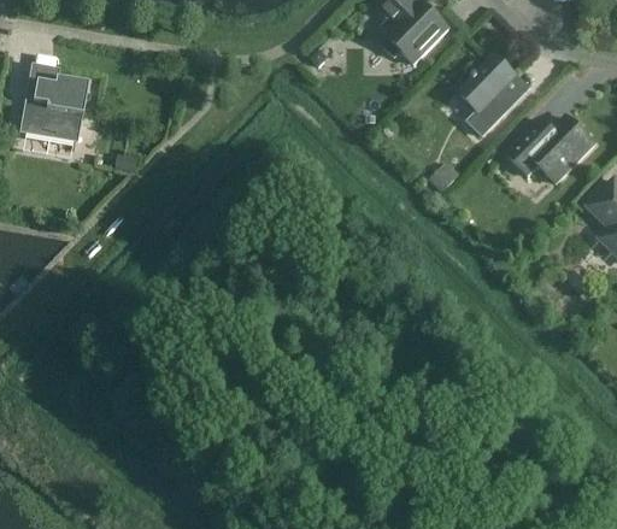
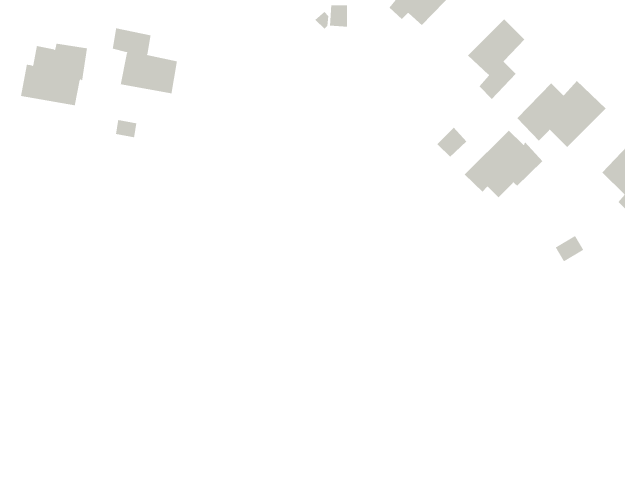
building: none -> [112,28,178,94]
building: none -> [464,130,543,198]

